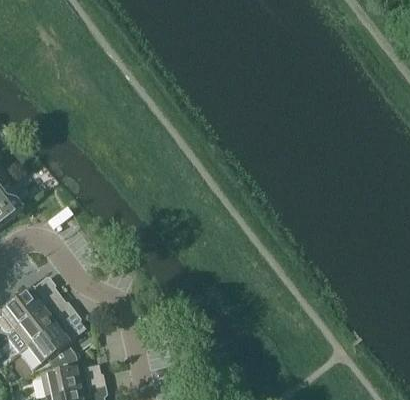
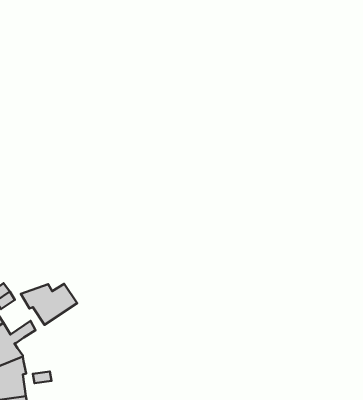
building: none -> [21,284,77,325]

